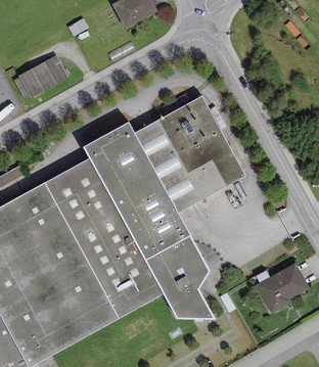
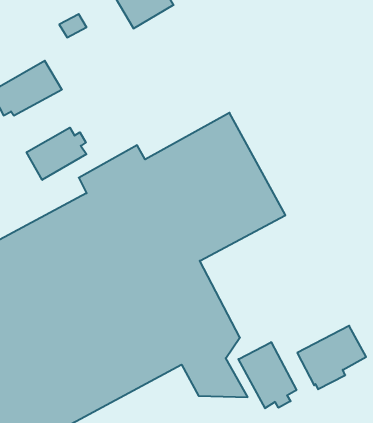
building: none -> [27,128,86,180]
building: none -> [238,342,296,408]

